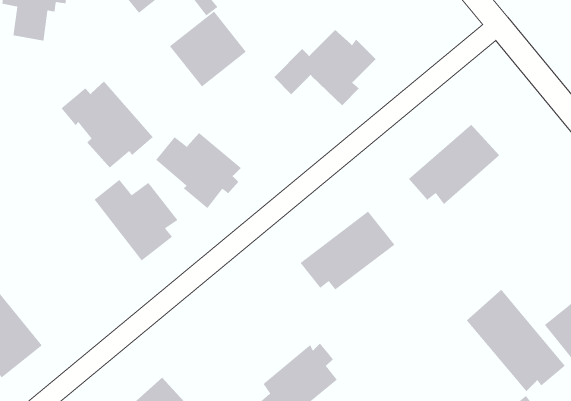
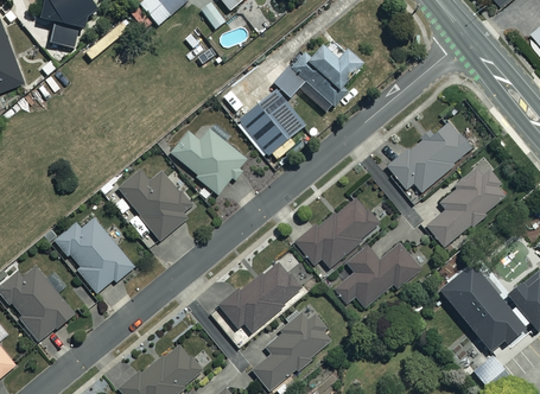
building: [169,11,247,88] -> [236,90,304,157]
building: [60,81,154,169] -> [53,217,134,293]
building: none -> [426,164,504,247]
building: none -> [333,244,420,307]
building: none -> [221,260,300,333]

